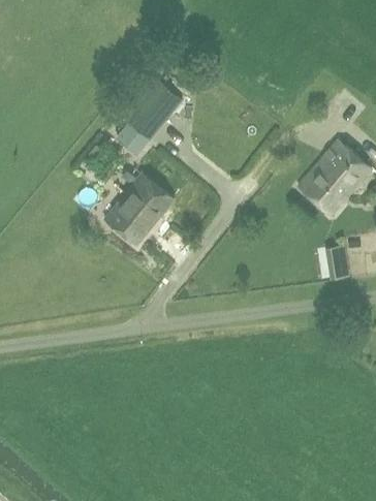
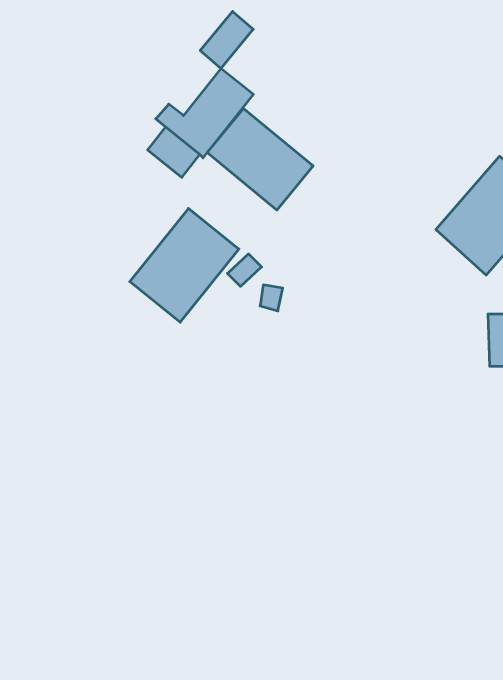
building: none -> [200,11,253,68]
building: none -> [207,108,313,210]

